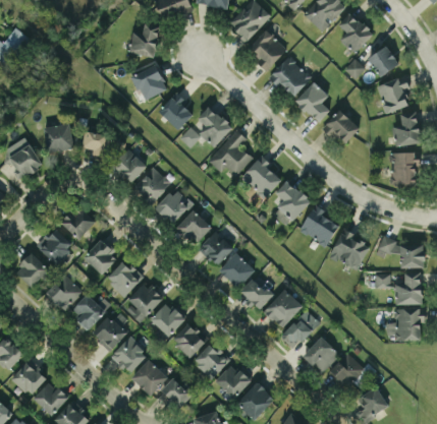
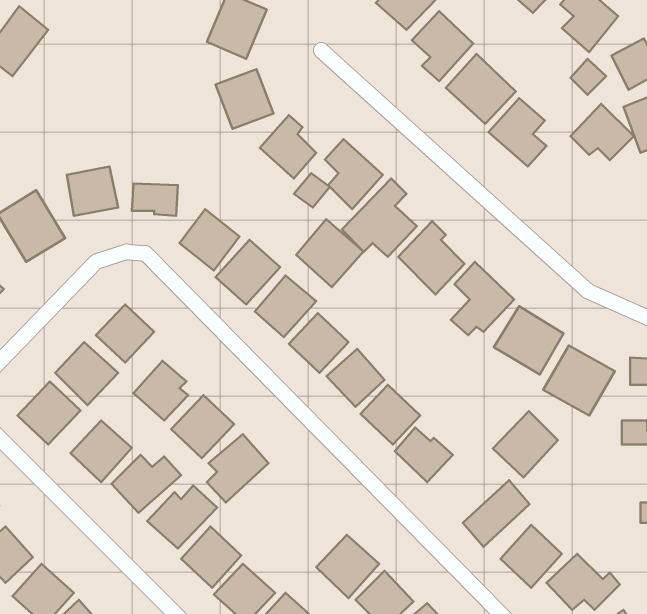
building: [322,109,360,142] -> [571,104,634,160]
building: none -> [296,219,363,287]
building: [264,289,303,328] -> [493,411,558,478]
building: [151,302,185,337] -> none
building: [172,322,205,358] -> none

